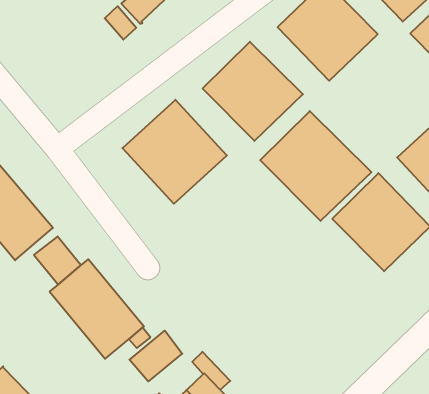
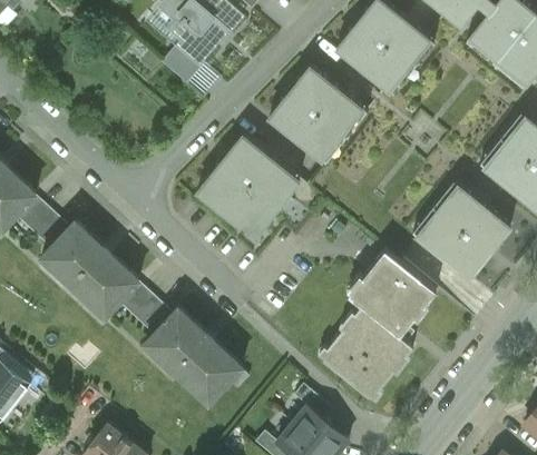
building: [260,111,371,221] -> none
building: none -> [323,249,436,395]
building: [129,331,182,381] -> none

